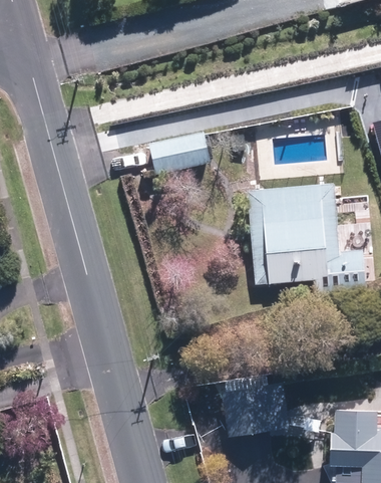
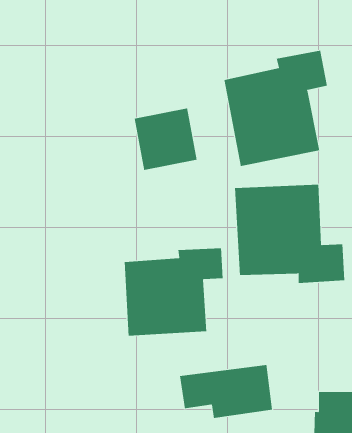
building: none -> [224,50,328,167]
building: none -> [124,247,223,336]

